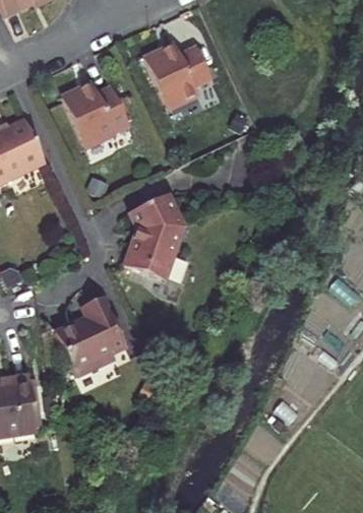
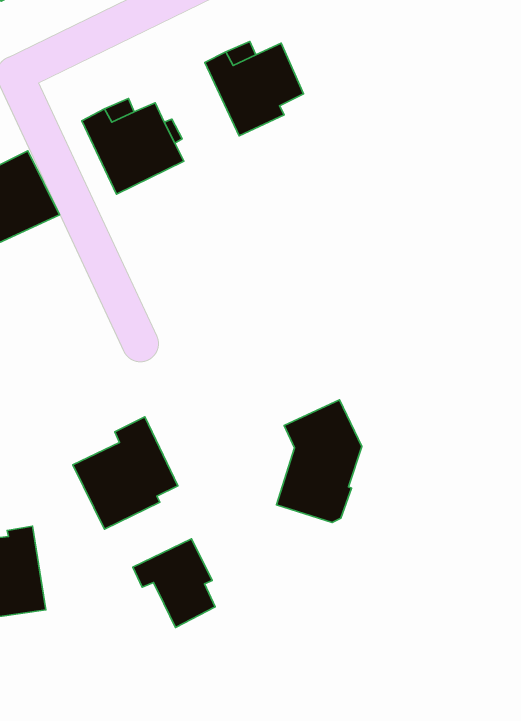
building: [125,194,183,277] -> [277,400,362,523]
building: none -> [133,539,215,627]

